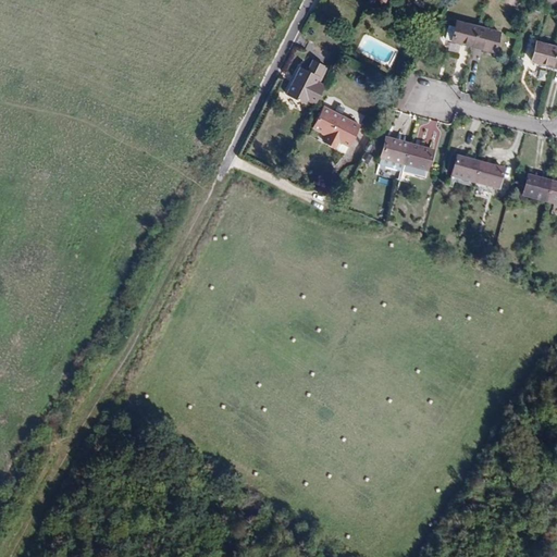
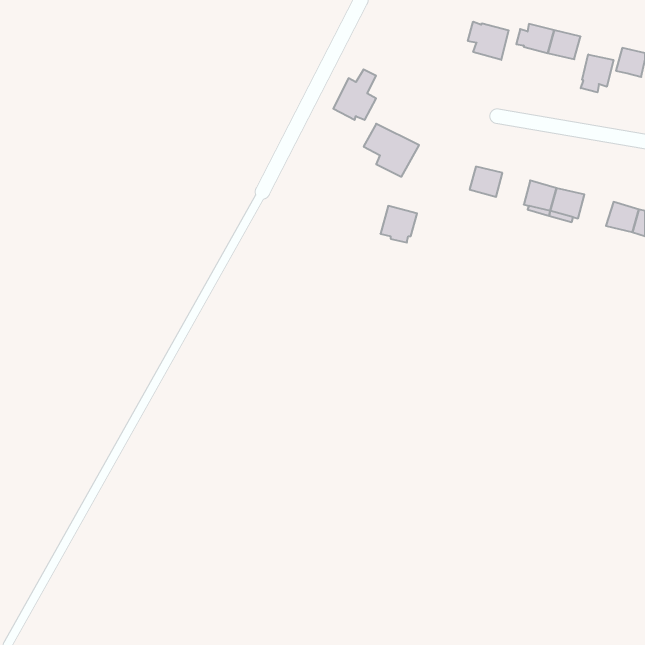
building: none -> [468,22,509,60]
building: none -> [581,54,613,92]
building: [379,137,410,169] -> [380,206,417,243]

